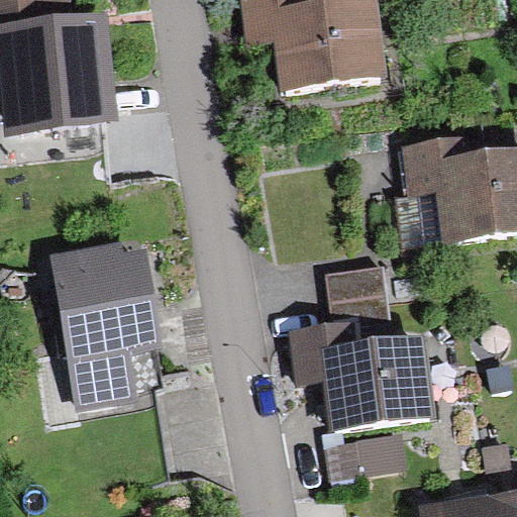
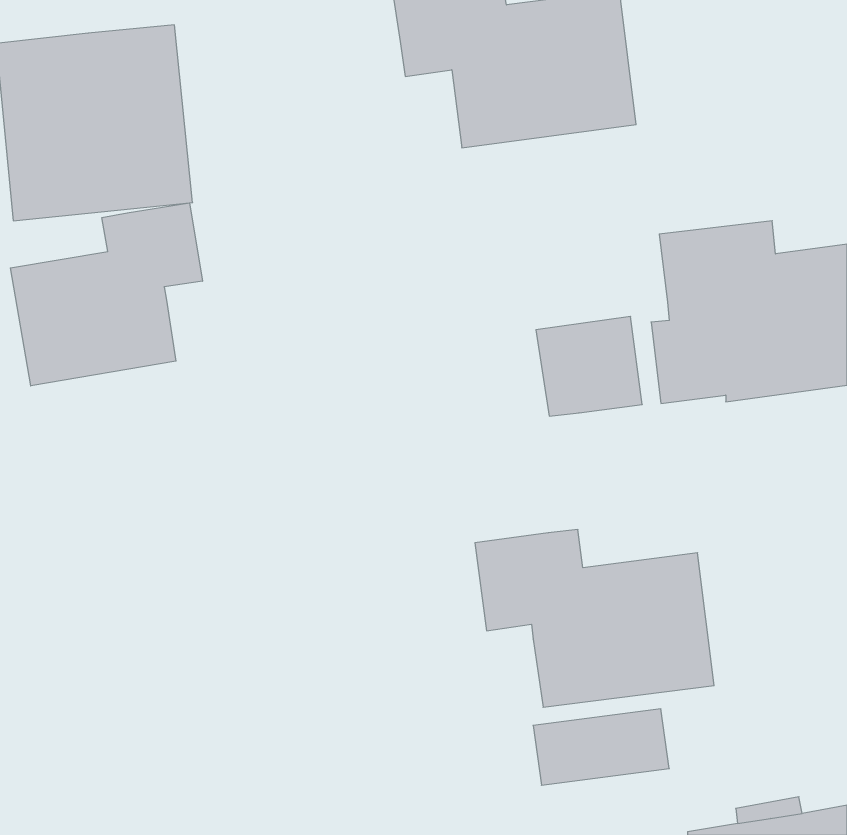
building: none -> [10,203,202,386]
building: [50,242,164,408] -> none
building: [325,264,390,324] -> [536,316,642,416]

